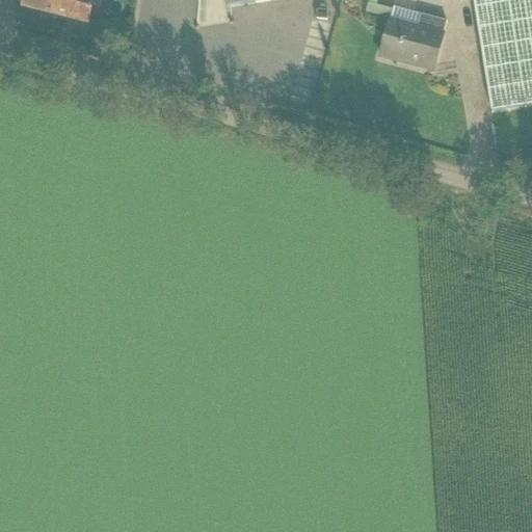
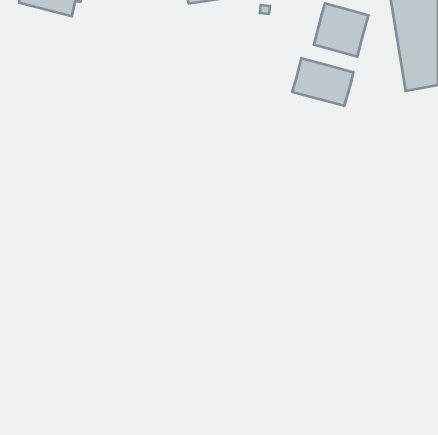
building: none -> [292,58,353,106]

